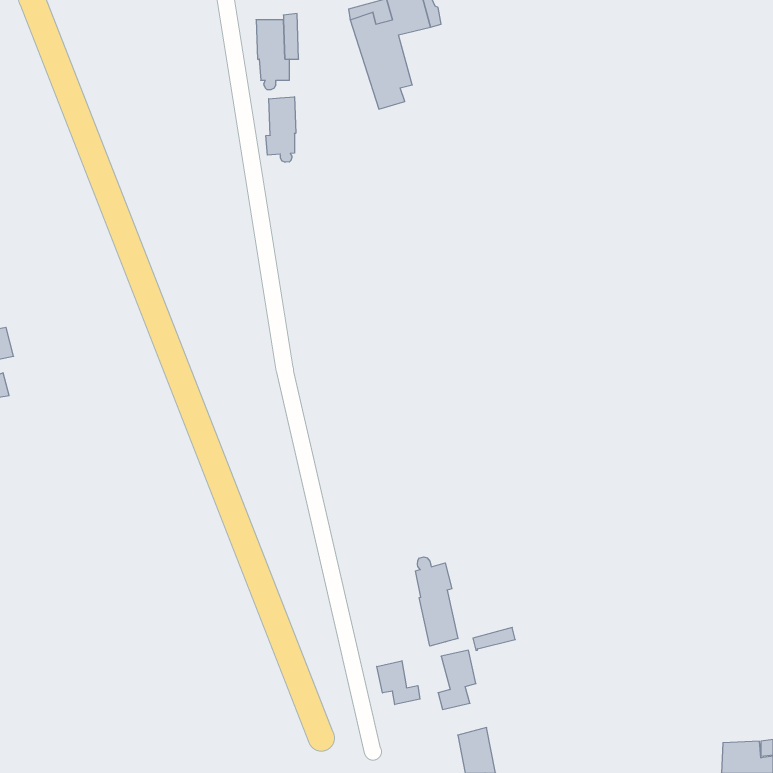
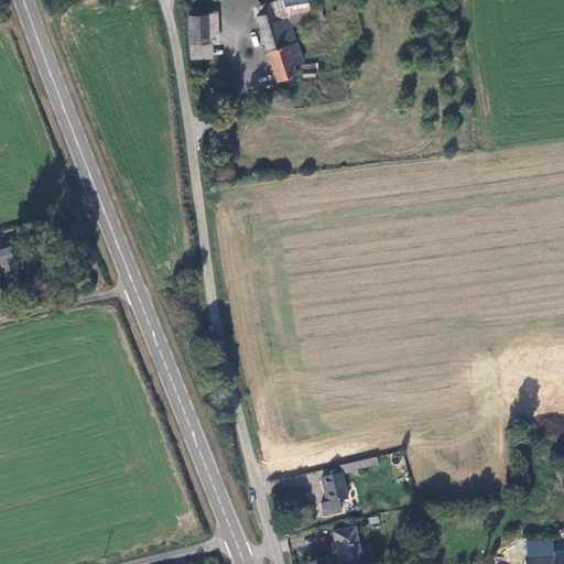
building: [266,97,296,162] -> none
building: [416,557,458,646] -> none
building: [377,661,420,705] -> none

